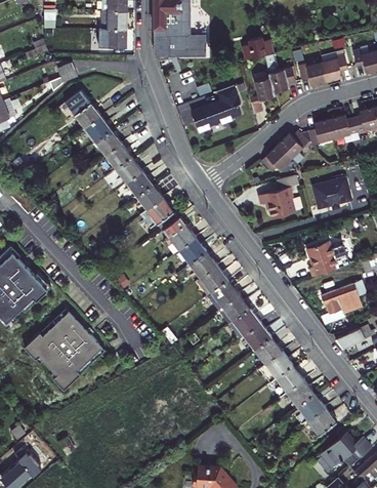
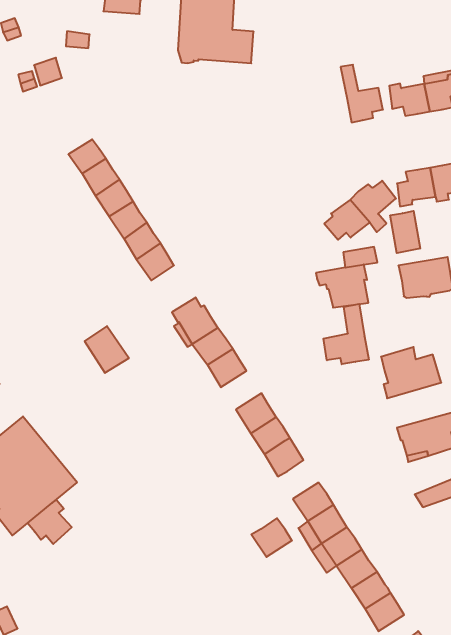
building: [97,30,126,48] -> none
building: [243,38,273,59] -> none
building: [250,77,276,114] -> none
building: [191,86,241,133] -> none
building: [65,89,100,128] -> none
building: none -> [390,211,420,253]
building: [148,198,178,230] -> [85,326,129,373]
building: none -> [323,304,369,364]
building: [200,266,227,292] -> none
building: [243,323,270,350] -> [251,518,292,557]
building: none -> [27,500,72,544]

